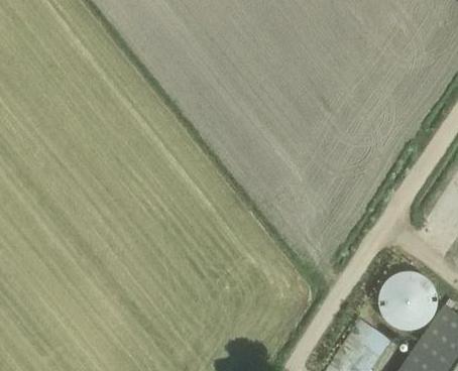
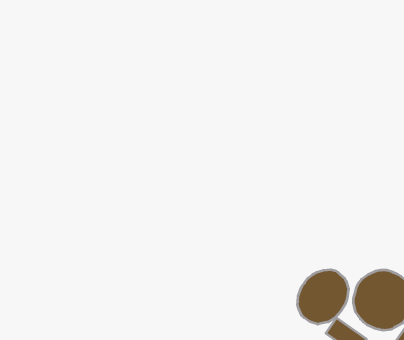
building: none -> [298,270,349,324]

